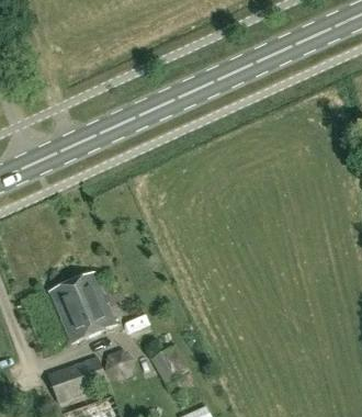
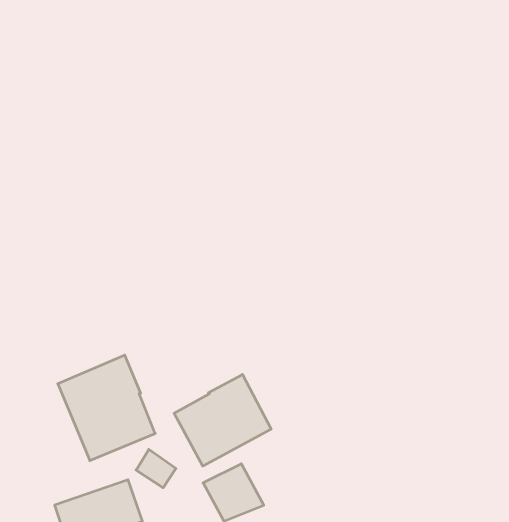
building: none -> [174,374,271,466]

